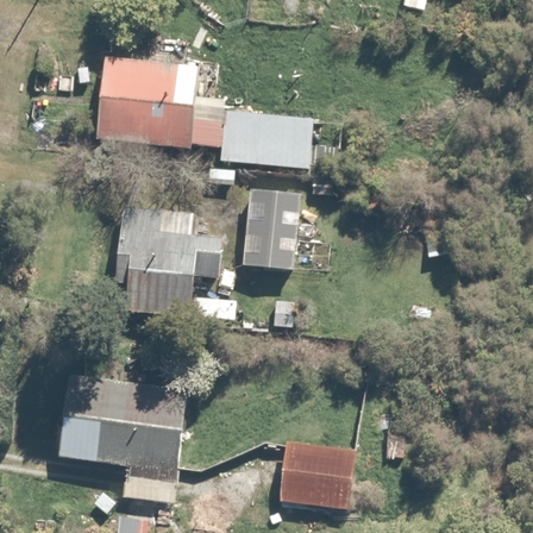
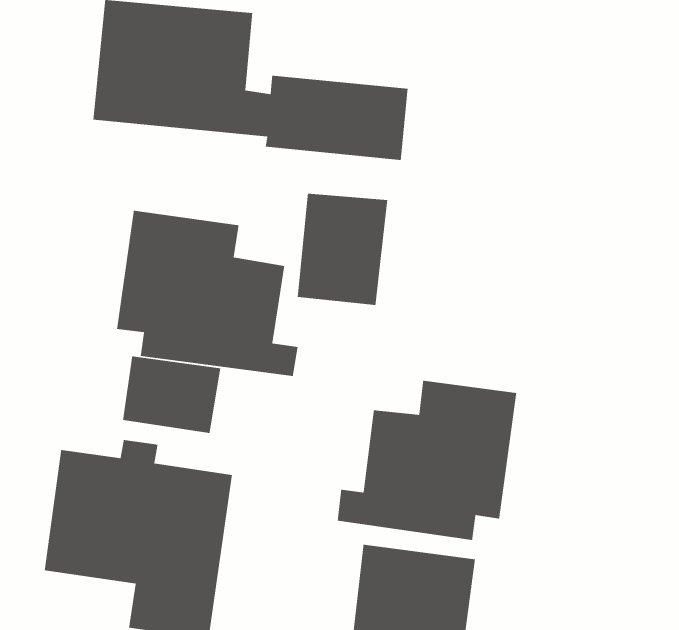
building: none -> [122,355,221,434]
building: none -> [337,380,517,541]

